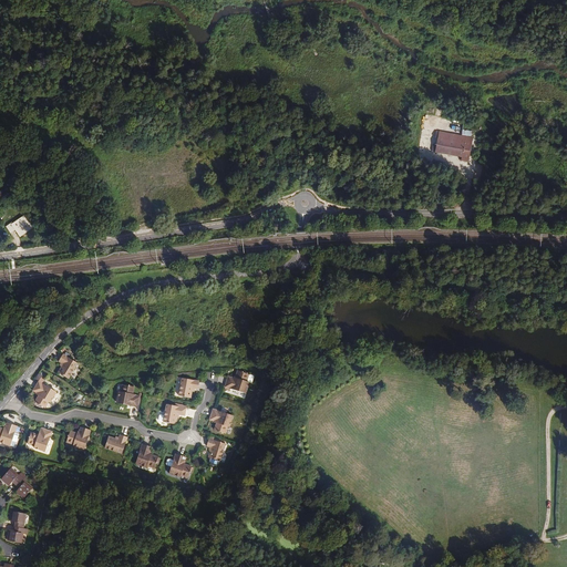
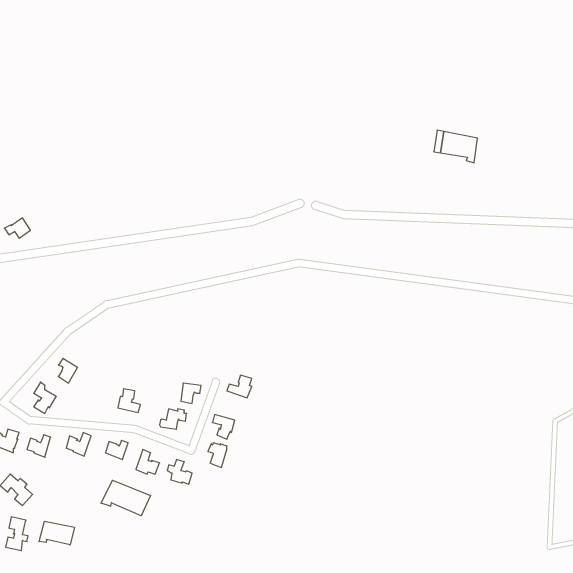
building: none -> [101,480,151,516]
building: none -> [39,521,74,545]

